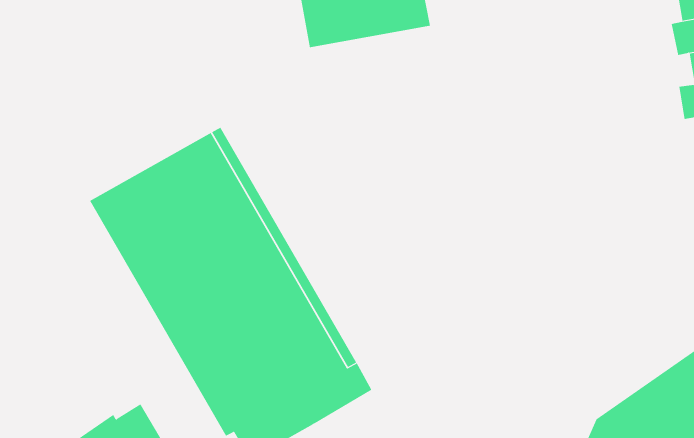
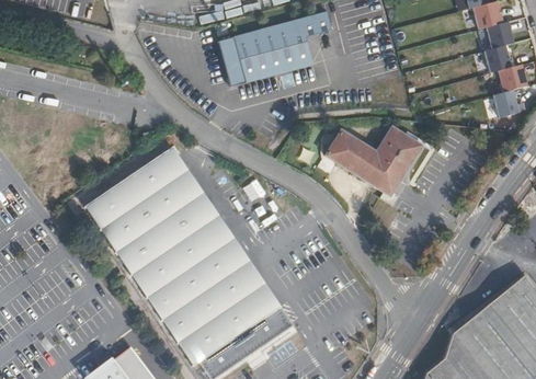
building: none -> [323,126,422,196]

